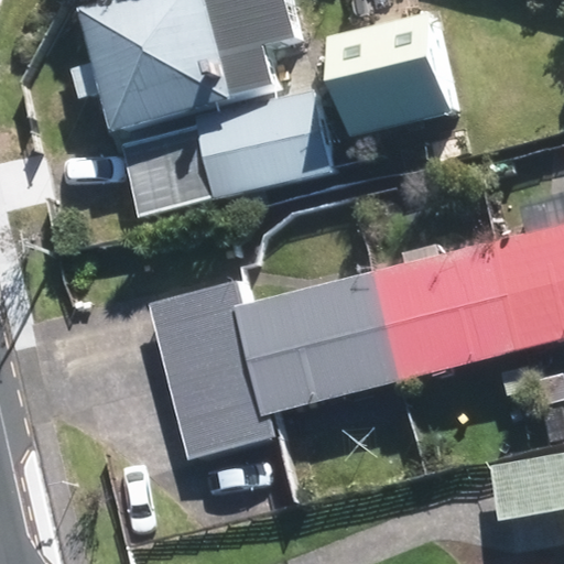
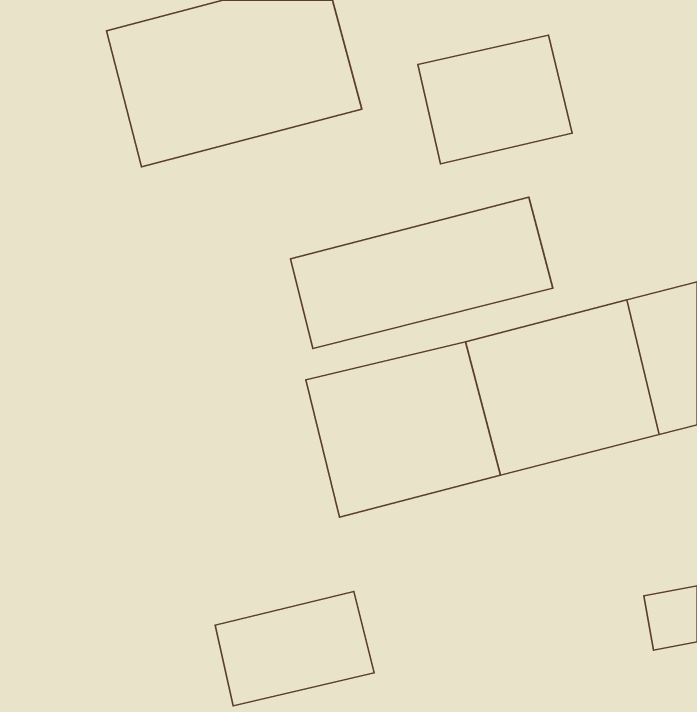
building: [123,101,329,220] -> [290,197,553,349]
building: [150,278,271,451] -> none
building: none -> [215,591,374,706]

